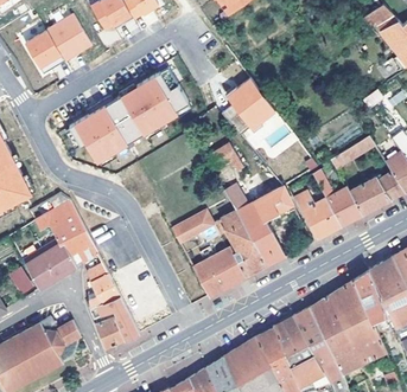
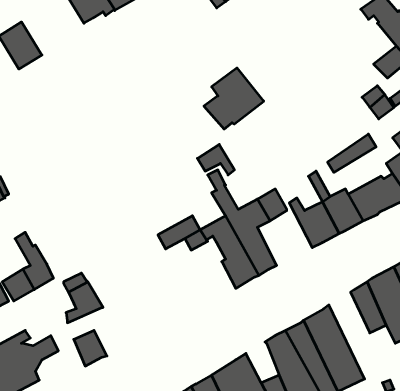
building: [46,14,91,60] -> none
building: [71,65,193,162] -> none
building: [34,201,97,263] -> none
building: [192,245,246,296] -> none
building: [332,281,384,361] -> none
building: [89,295,140,340] -> none
building: [255,328,286,365] -> none

